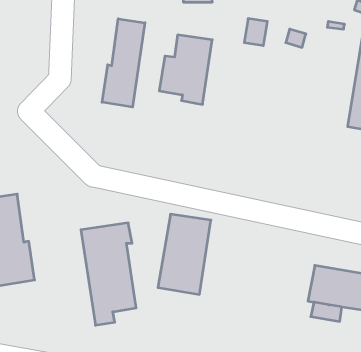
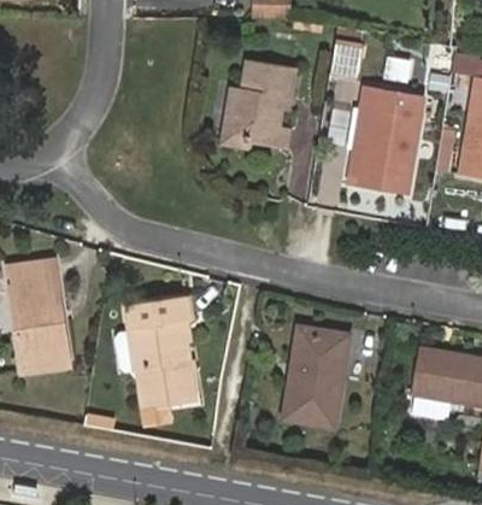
building: [102,19,145,107] -> none
building: none -> [349,89,423,194]
building: [158,214,211,294] -> [282,327,348,427]

